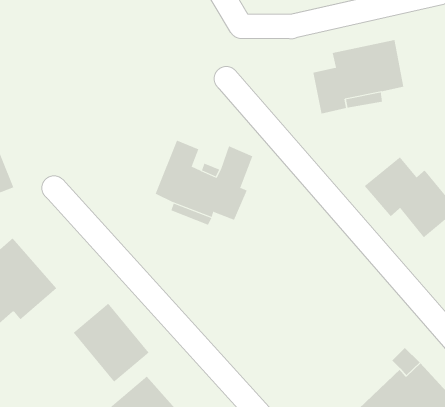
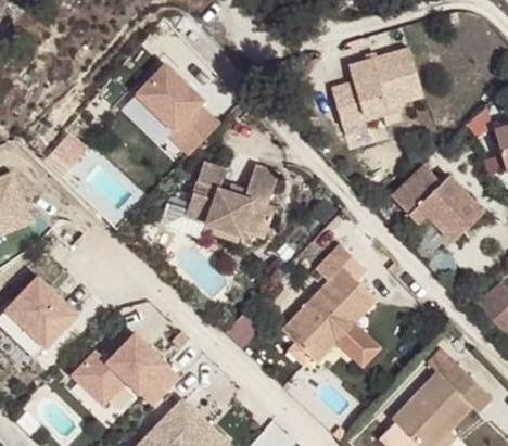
building: none -> [125,59,232,164]
building: none -> [279,244,378,368]
building: none -> [72,346,135,408]

